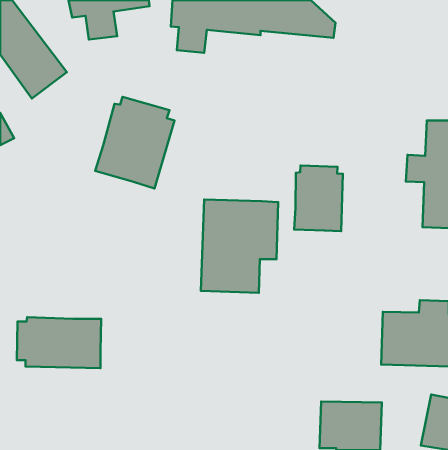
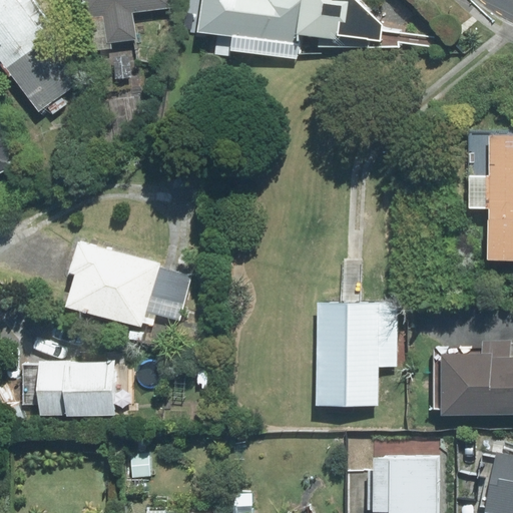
building: [95,97,174,188] -> none
building: [294,166,343,231] -> none
building: [201,199,278,293] -> [313,302,401,408]
building: none -> [63,238,193,325]

